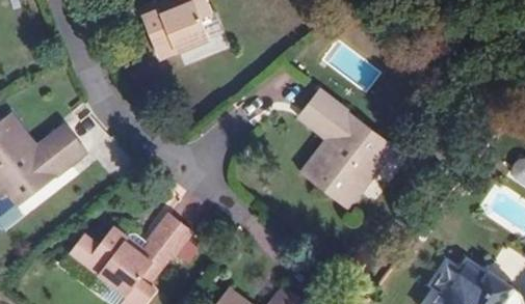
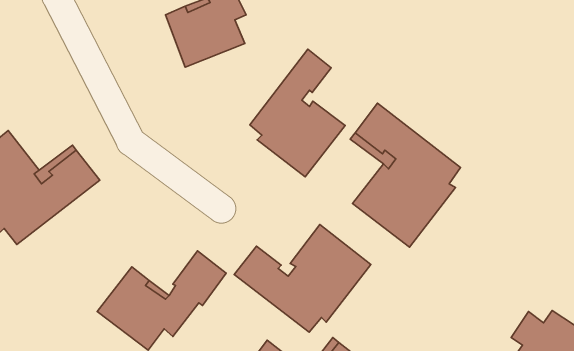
building: none -> [250,49,345,177]
building: none -> [234,225,371,332]

